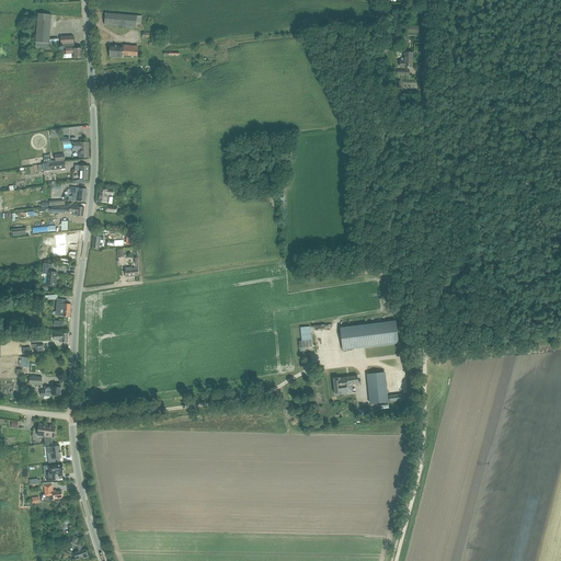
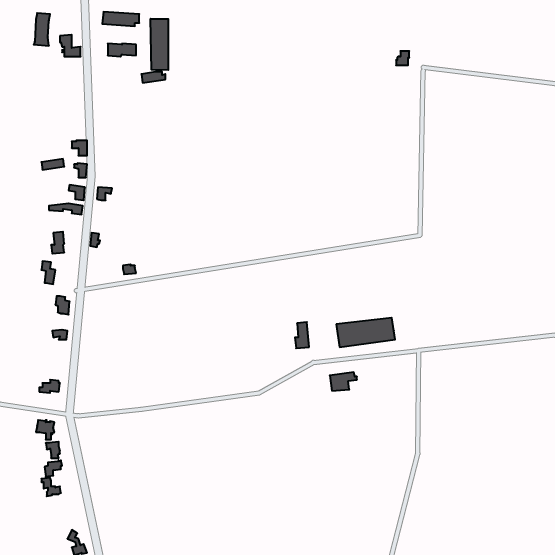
building: none -> [151,19,168,70]
building: [366,371,387,402] -> none

